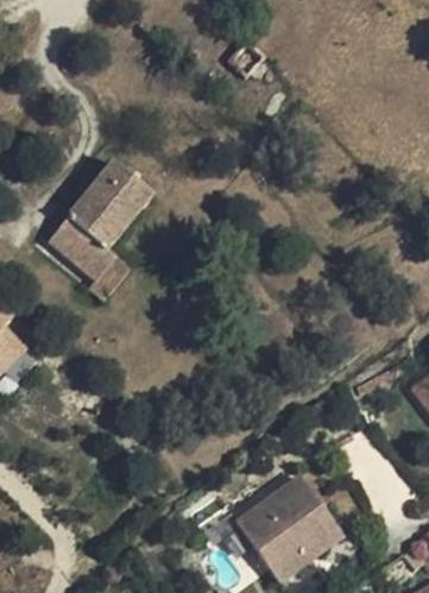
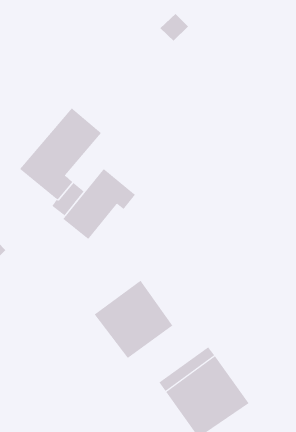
building: none -> [62,168,135,240]
building: none -> [94,280,173,359]

